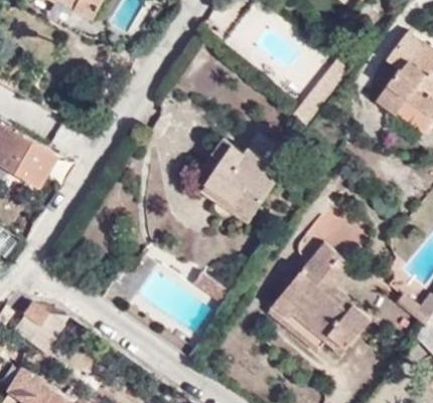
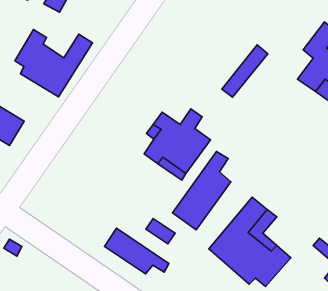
building: none -> [15,30,92,97]
building: none -> [172,152,231,230]
building: none -> [104,228,169,274]

